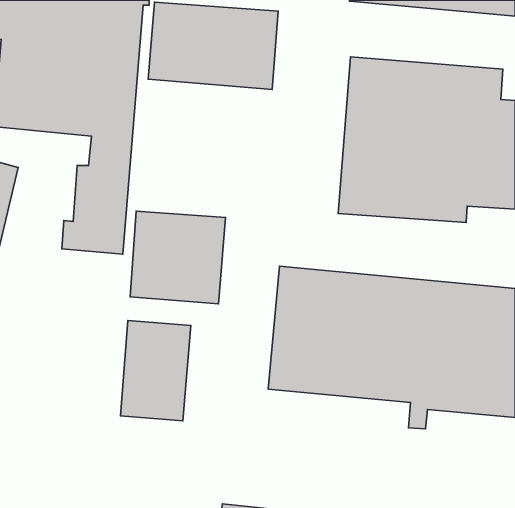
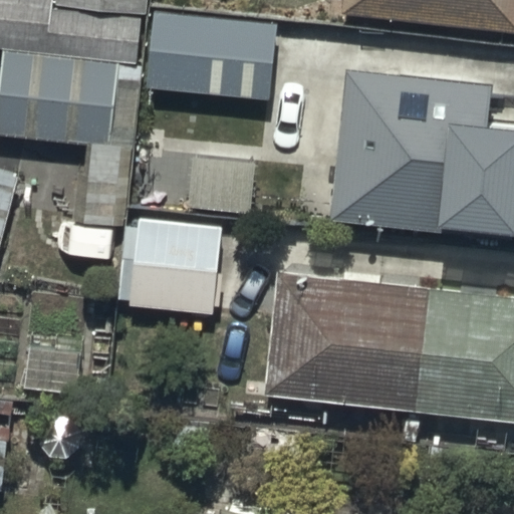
building: [121,321,191,421] -> none

